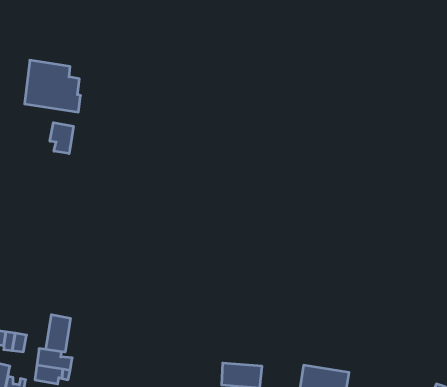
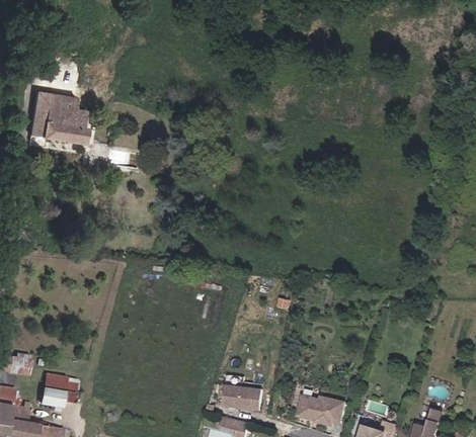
building: [50,123,73,154] -> none
building: [46,315,70,352] -> none

